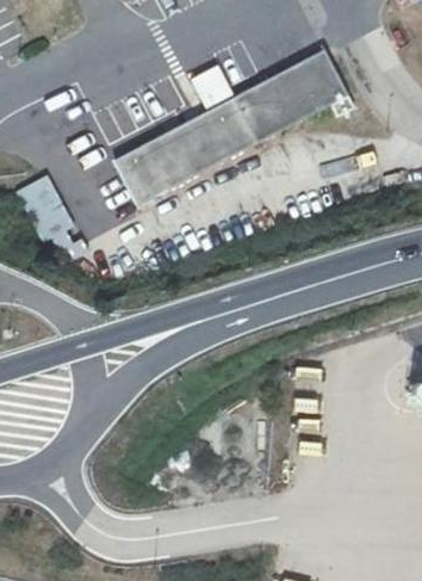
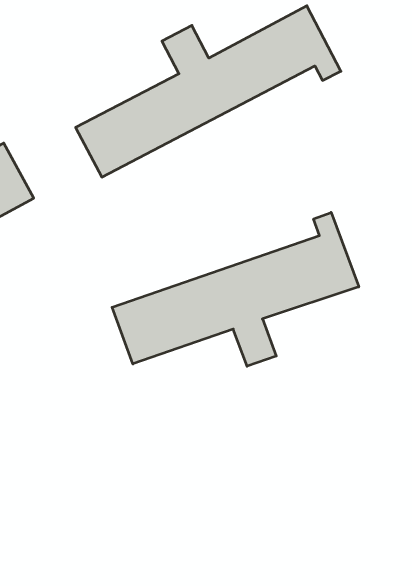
building: none -> [112,212,359,366]

